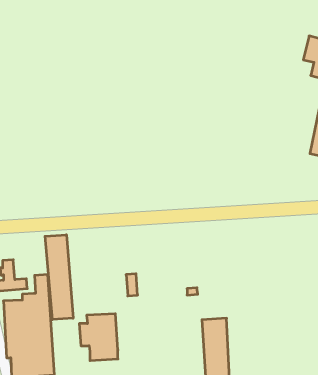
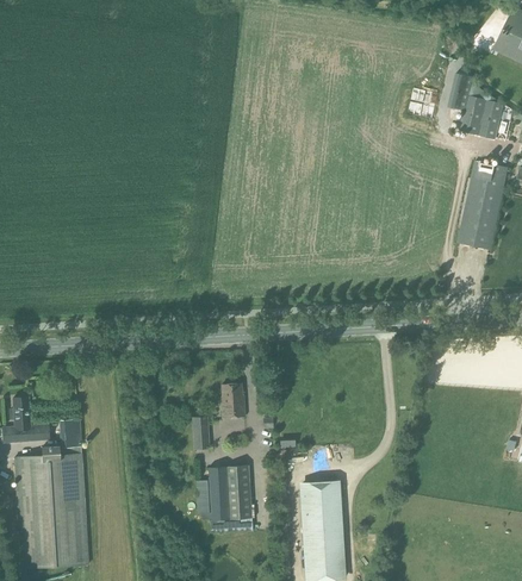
building: [45,235,73,320] -> none
building: none -> [222,382,246,416]
building: [79,314,118,361] -> [197,464,253,532]

